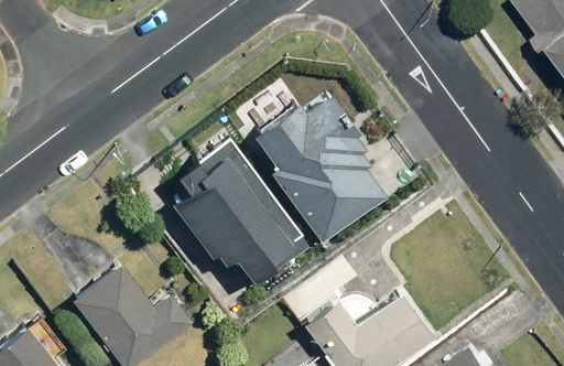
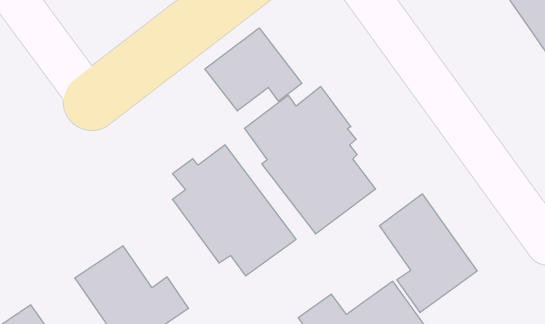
building: none -> [205,28,302,111]
building: none -> [379,194,477,313]

